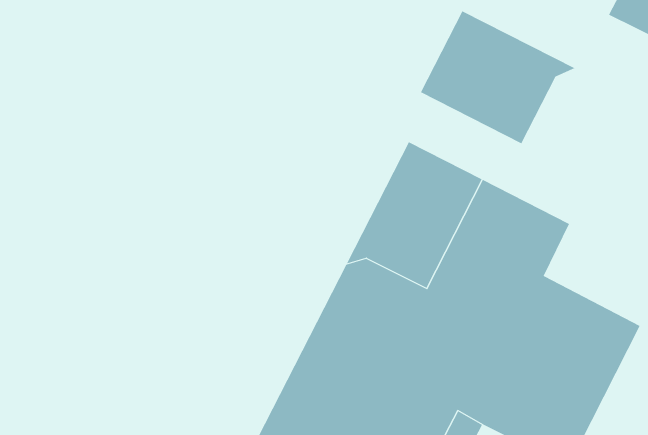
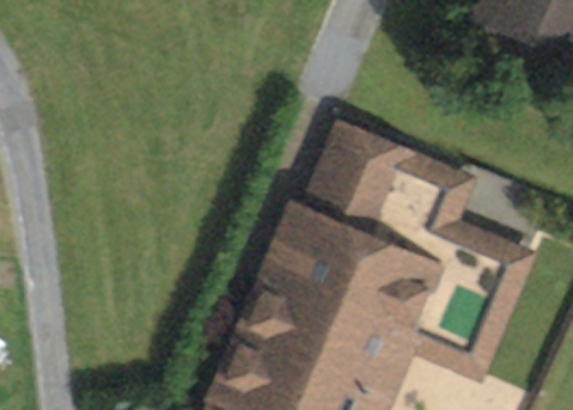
building: [420,10,576,144] -> none

